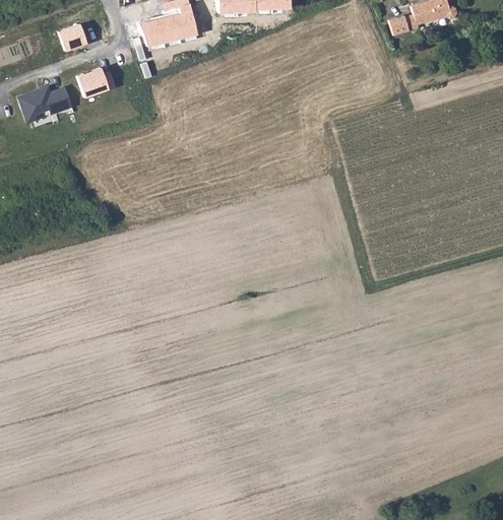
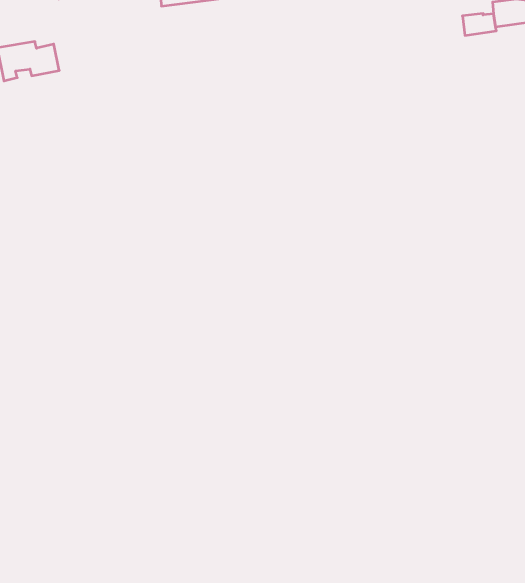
building: [77,67,113,96] -> none

